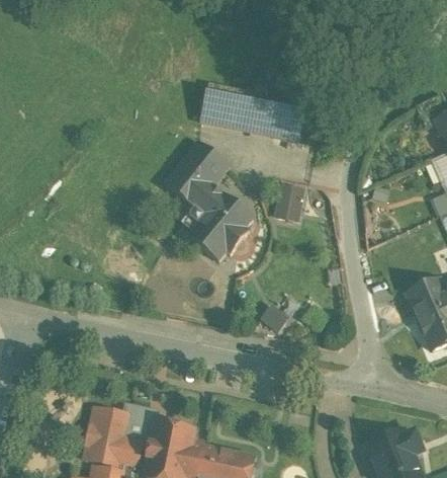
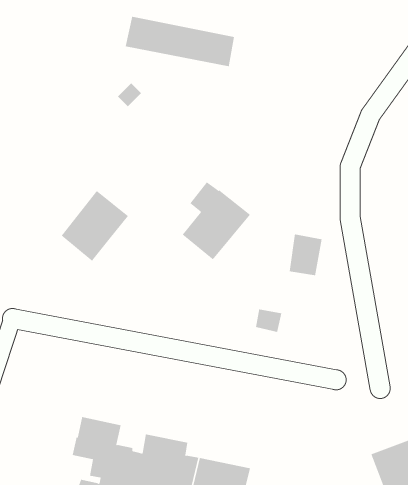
building: [202,92,305,140] -> [125,16,235,67]
building: [168,141,232,208] -> [61,190,129,261]
building: [273,181,304,221] -> [289,234,322,276]

